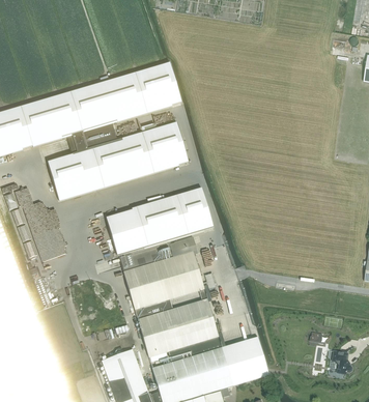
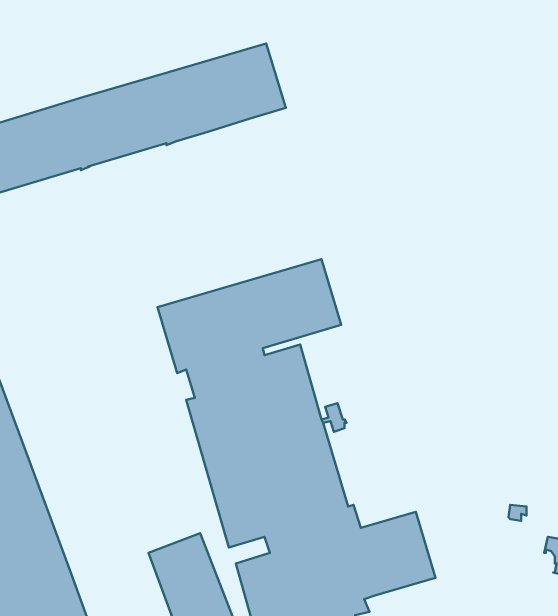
building: [48,121,189,199] -> none

